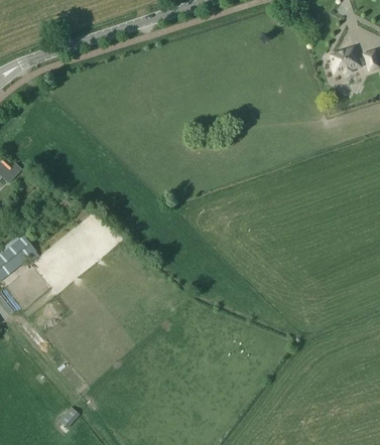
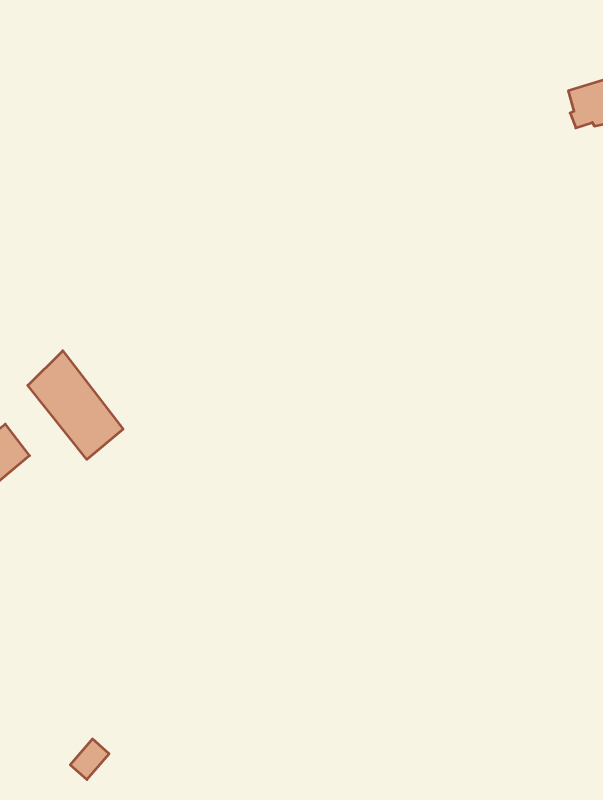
building: none -> [28,351,123,459]

